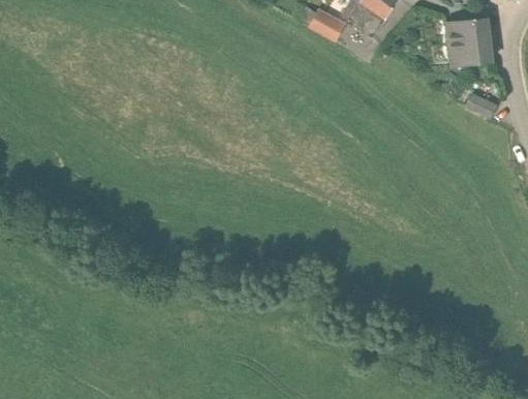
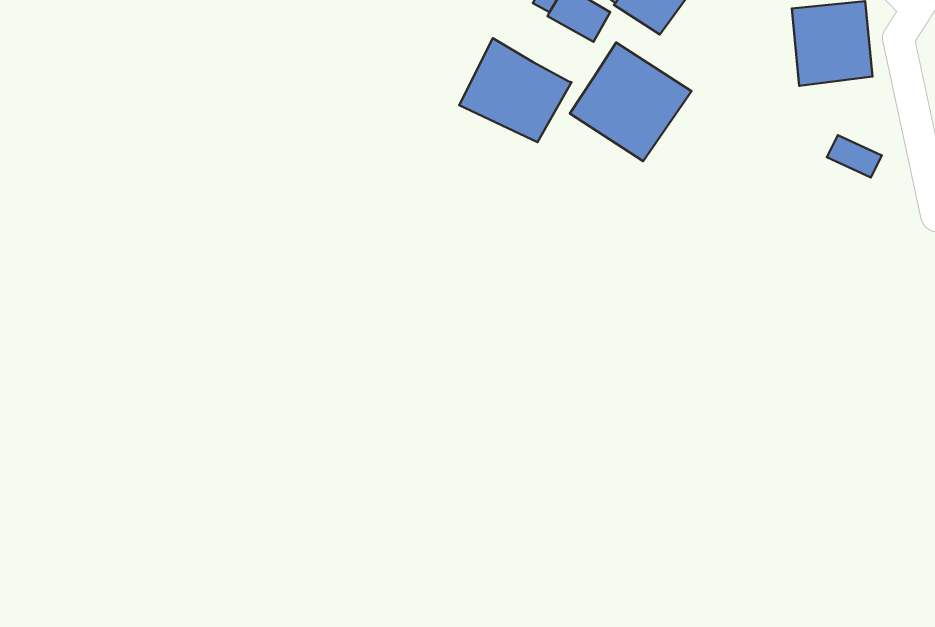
building: none -> [459,38,572,142]
building: none -> [570,43,691,161]

